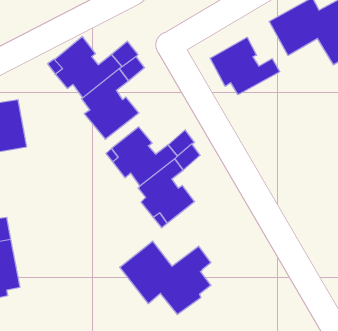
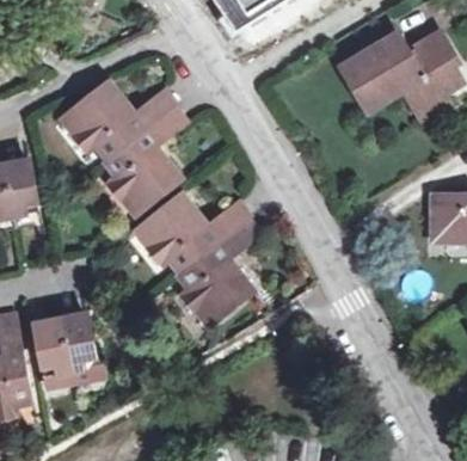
building: [210,37,280,95] -> none
building: none -> [35,316,97,391]
building: [120,241,211,315] -> none

